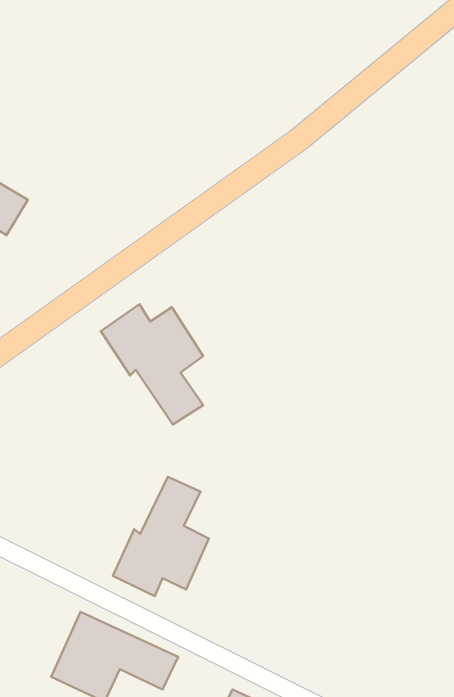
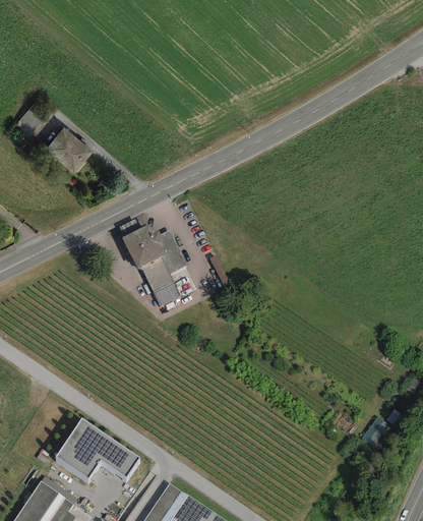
building: [113,477,209,596] -> none

